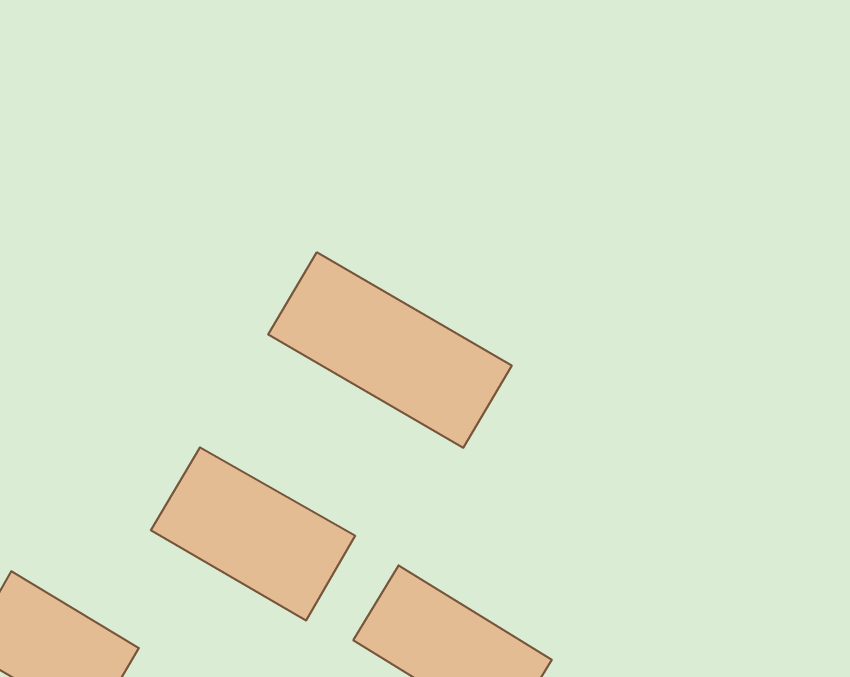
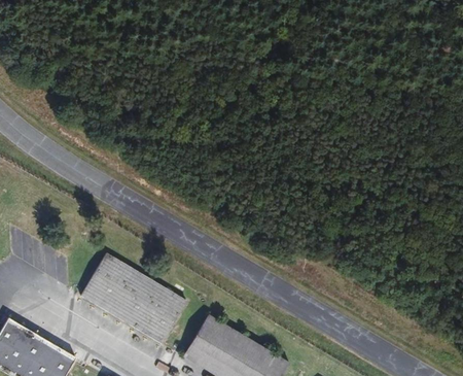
building: [268,252,512,448] -> none

